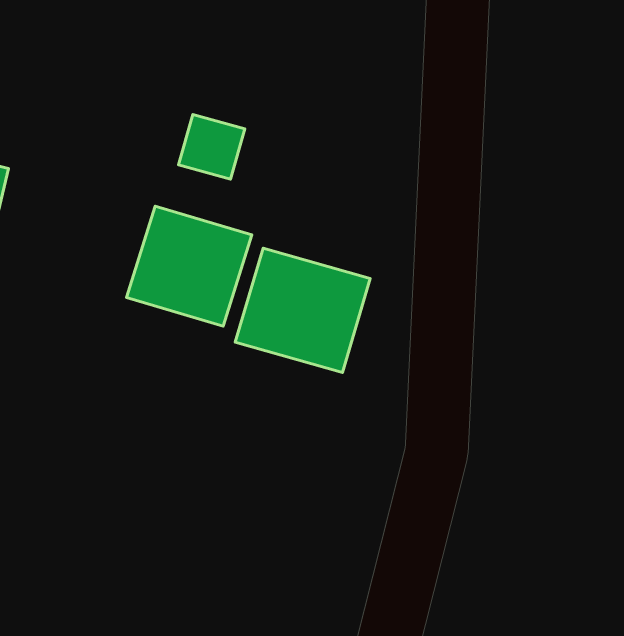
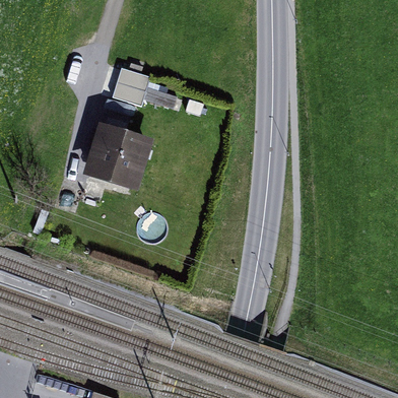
building: [235,248,370,373] -> none

